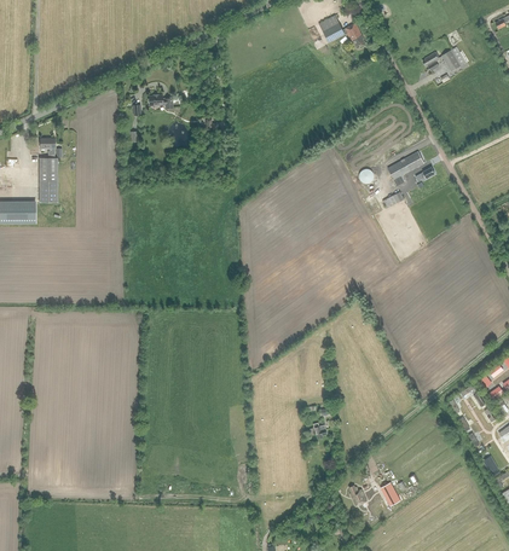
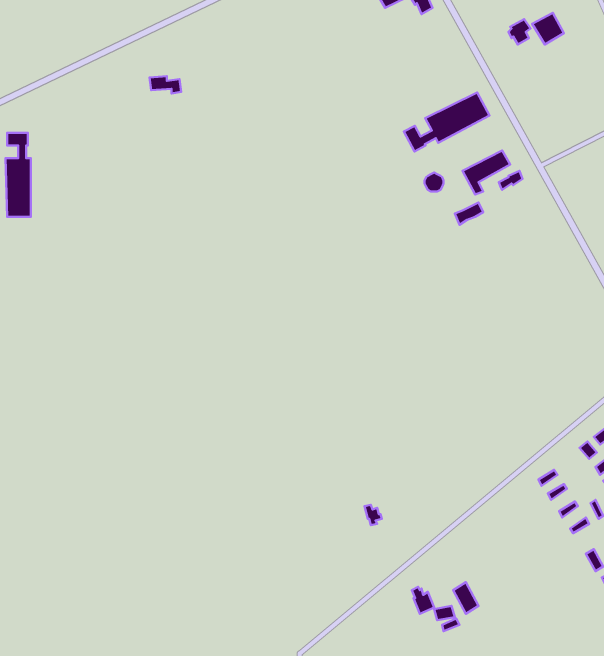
building: none -> [404,92,489,152]

